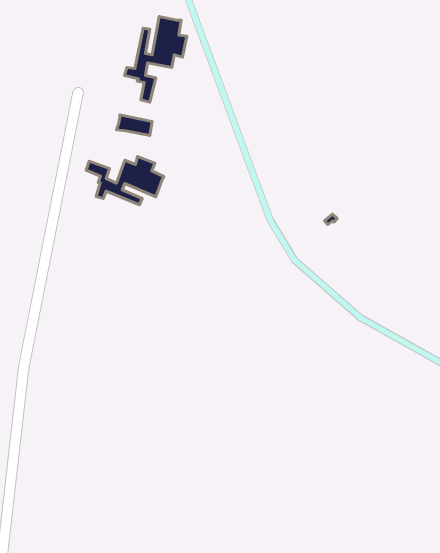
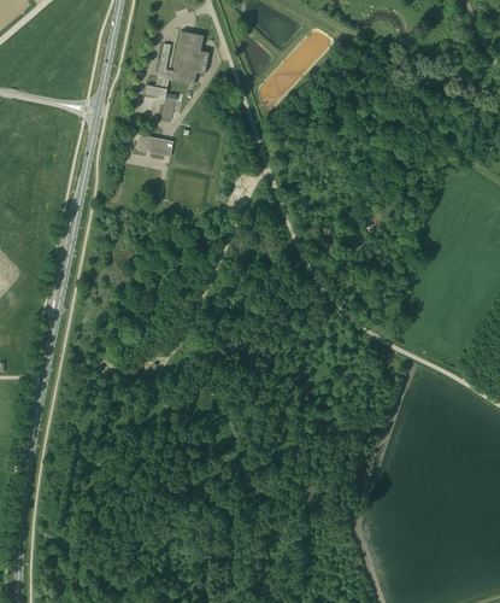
building: [86,157,164,205] -> none

